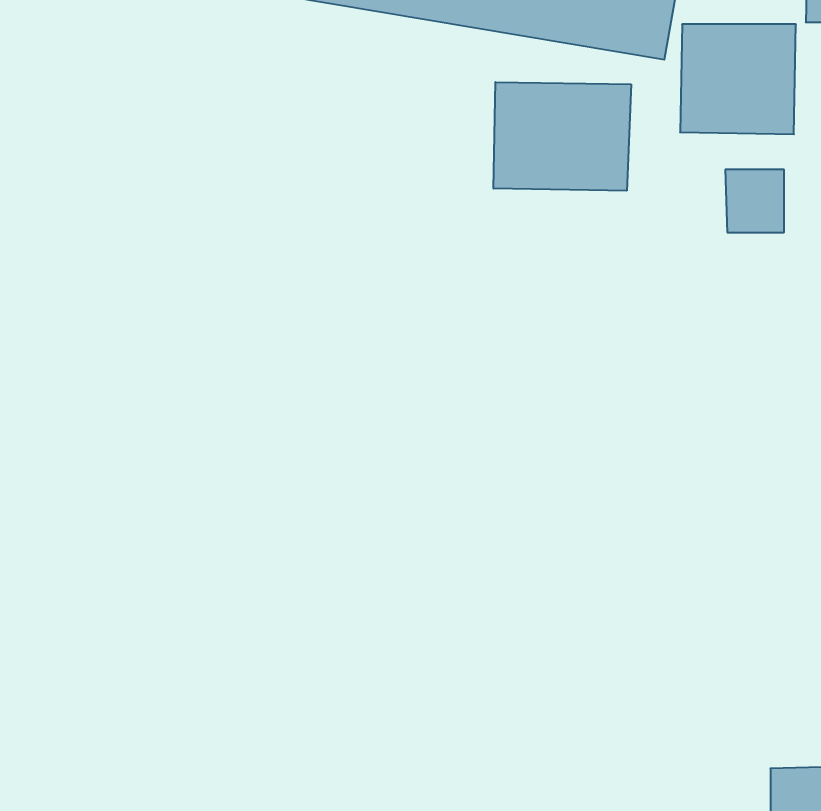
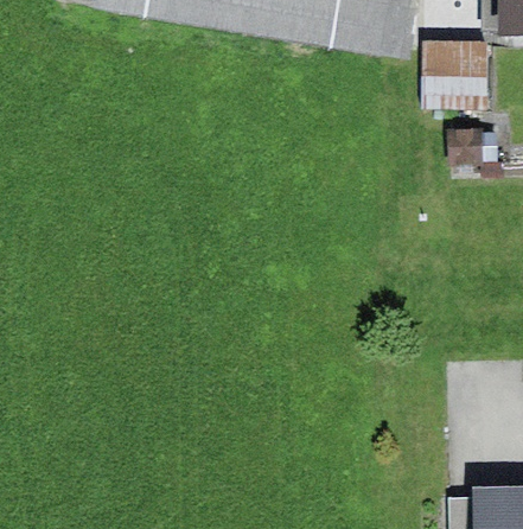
building: [494,82,631,191] -> none

